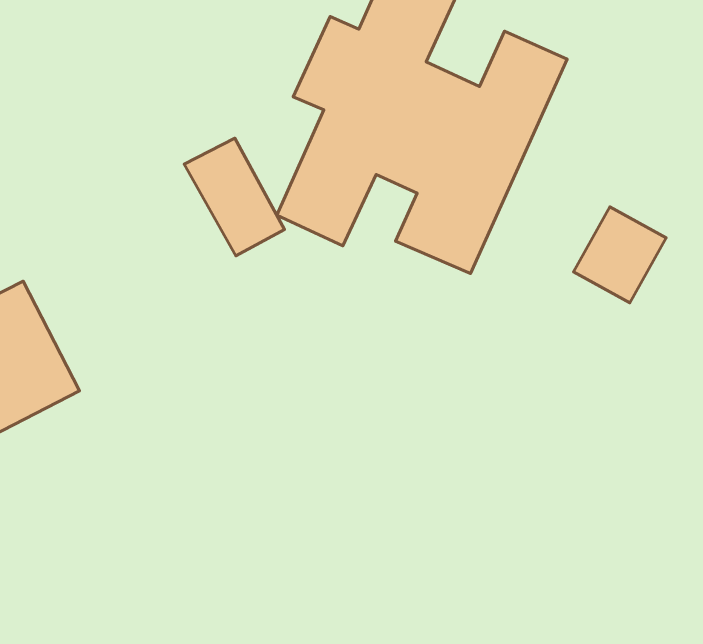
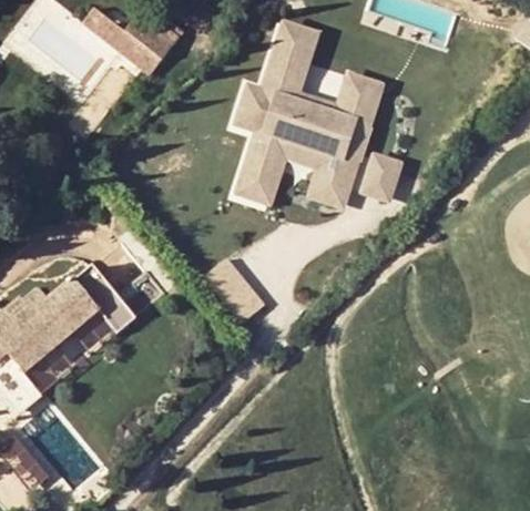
building: [184,138,285,256] -> [202,255,266,323]
building: [574,207,666,303] -> [355,149,405,202]

